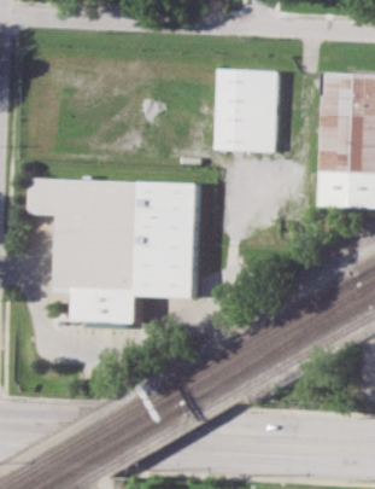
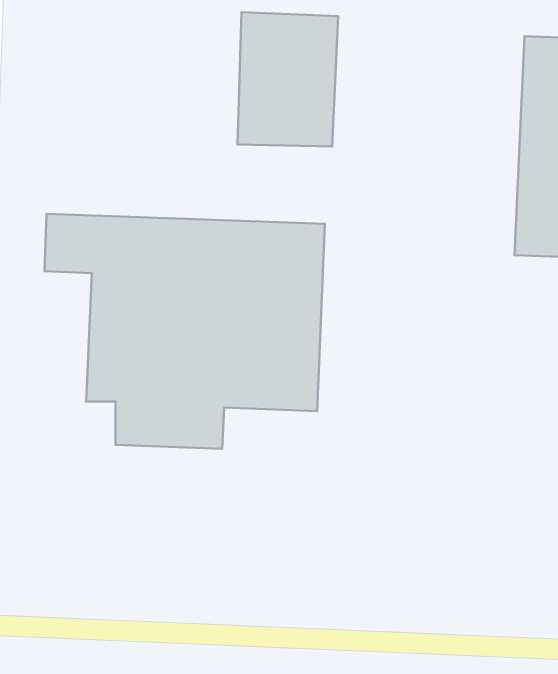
building: [215,68,276,150] -> [237,12,338,146]

